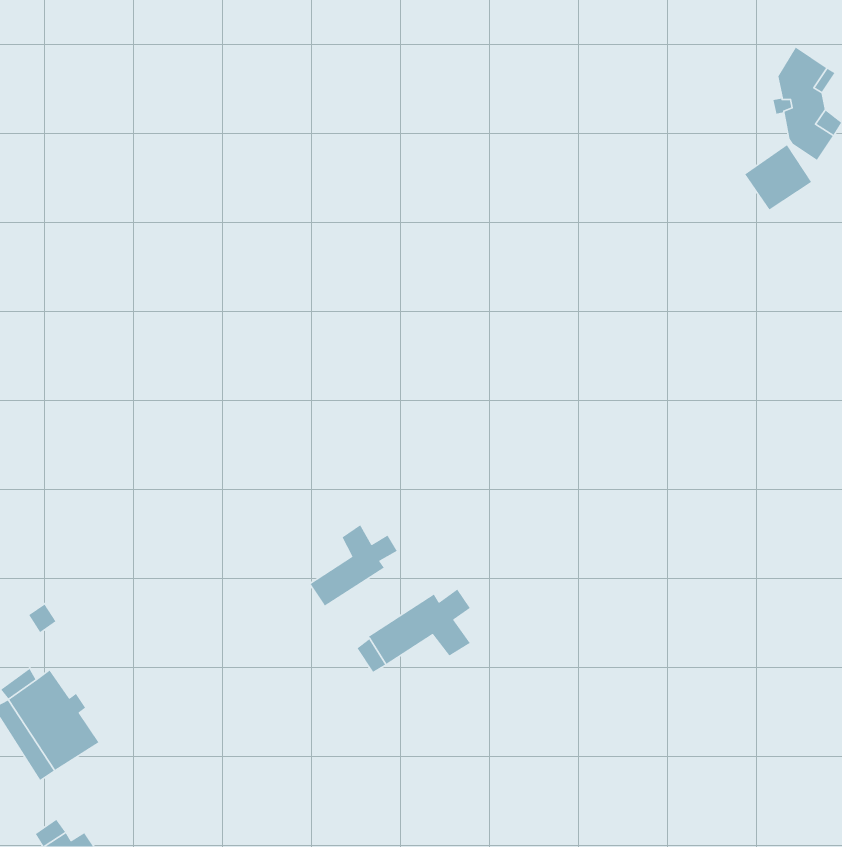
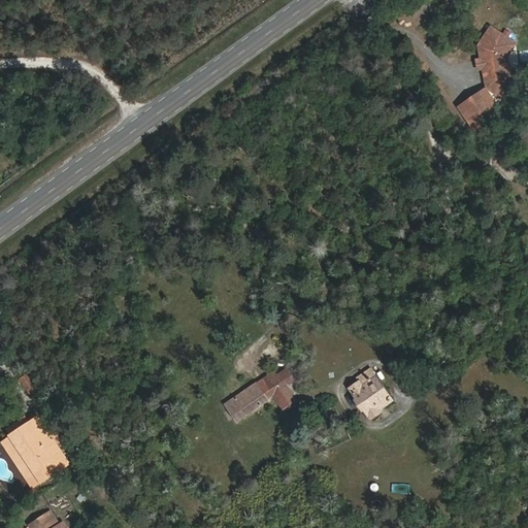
building: [309,524,398,607] -> none
building: none -> [346,370,390,420]

